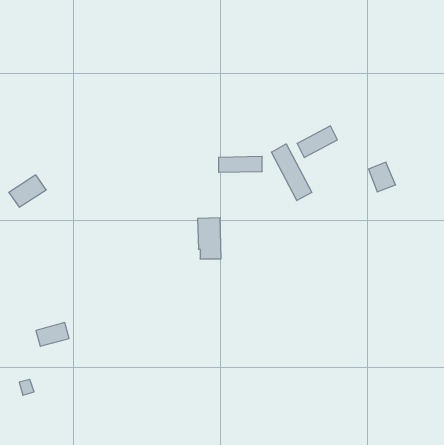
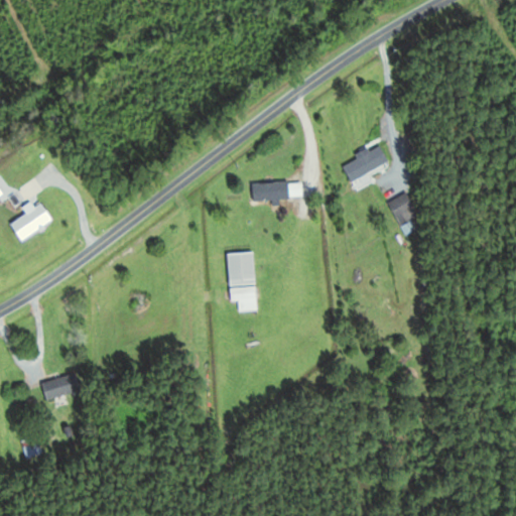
building: [271,144,312,201] -> none
building: [368,162,396,192] -> [388,192,419,227]

